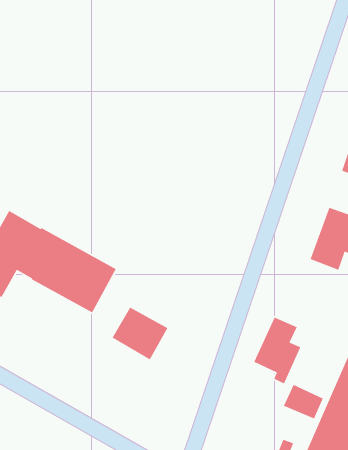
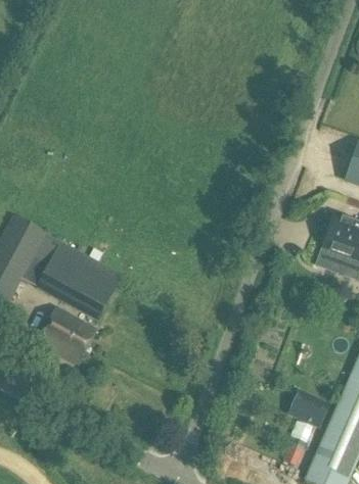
building: [111,306,168,360] -> [38,309,95,364]
building: [253,316,301,384] -> none

